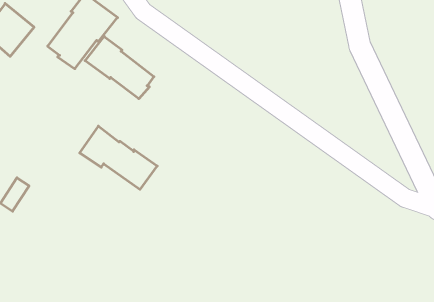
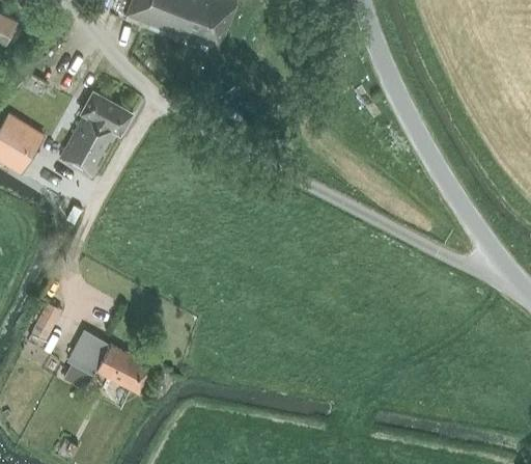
building: [85,36,154,99] -> none
building: [80,126,157,189] -> [67,329,155,392]

